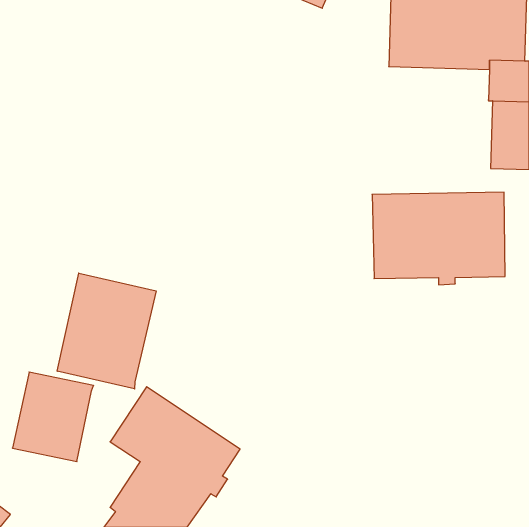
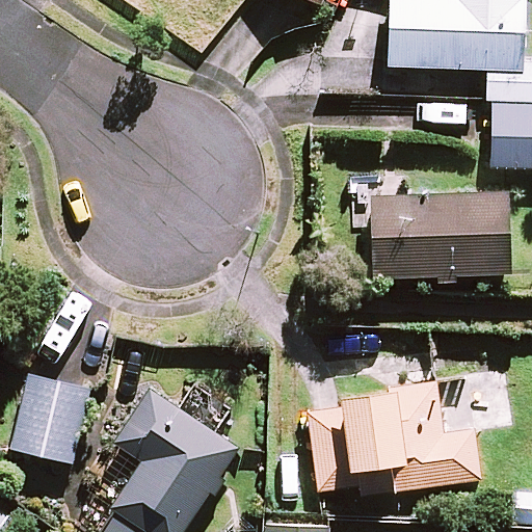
building: [57,273,156,389] -> none
building: none -> [309,383,481,497]

